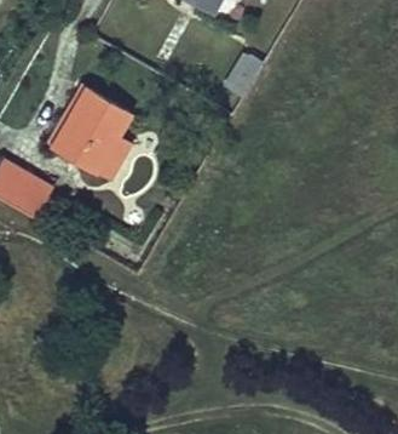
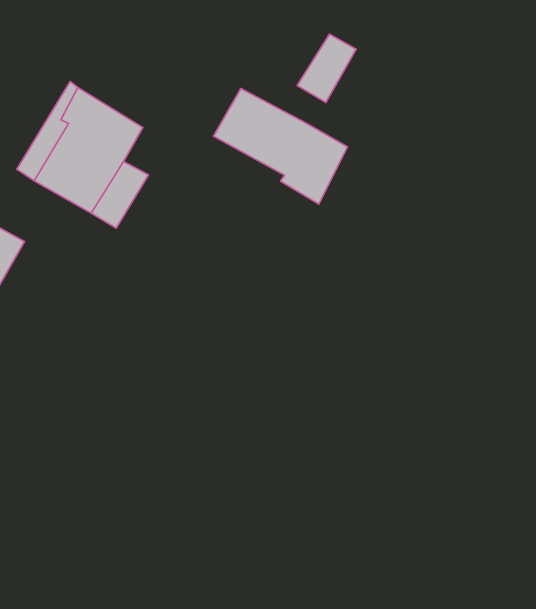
building: none -> [214,88,348,204]

